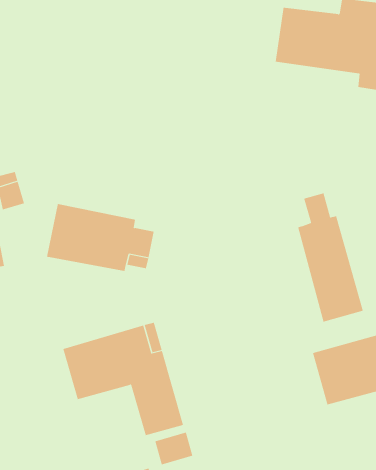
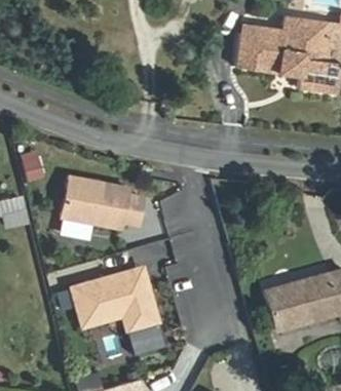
building: [297,193,364,322] -> none

